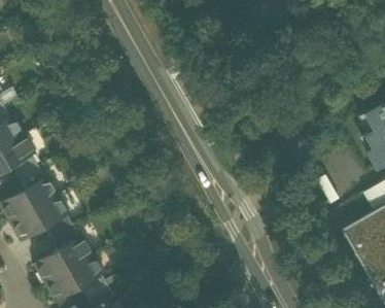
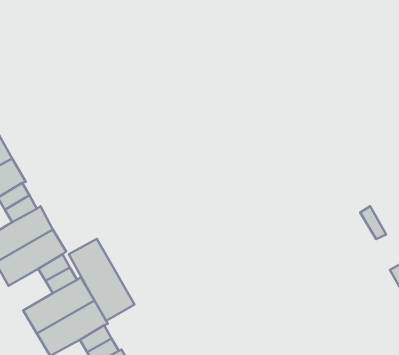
building: none -> [69,239,135,321]

